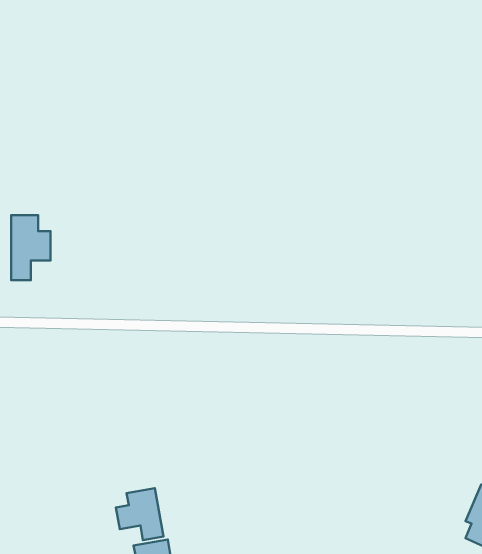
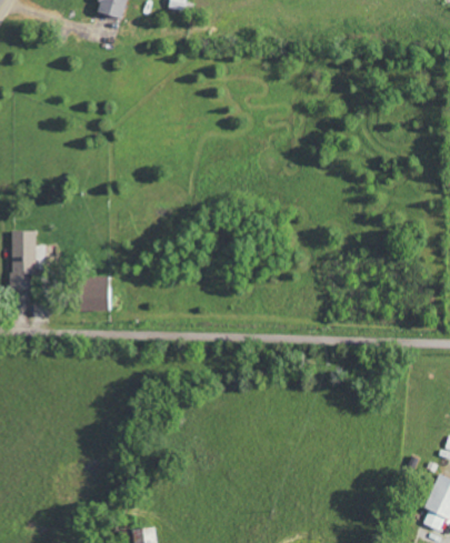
building: none -> [79,278,111,312]
building: [116,488,164,540] -> none

